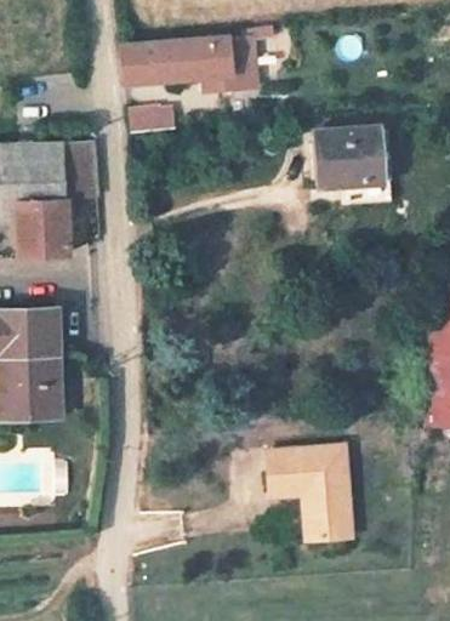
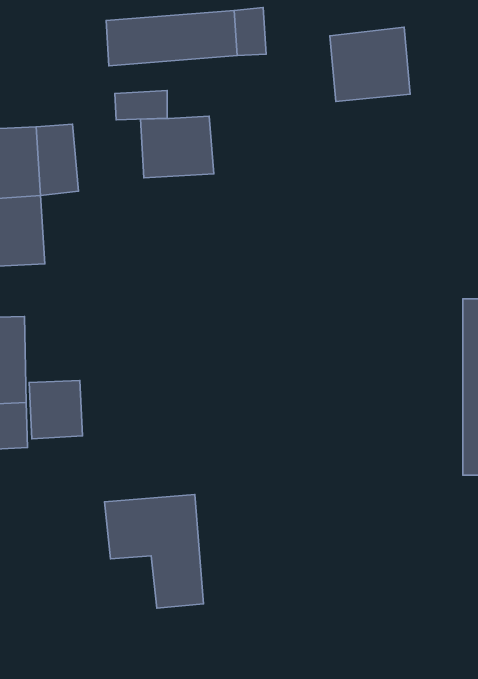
building: [312,127,378,189] -> [330,27,410,101]
building: none -> [141,116,214,178]
building: none -> [29,381,83,439]
building: [269,450,352,545] -> [105,495,204,608]

